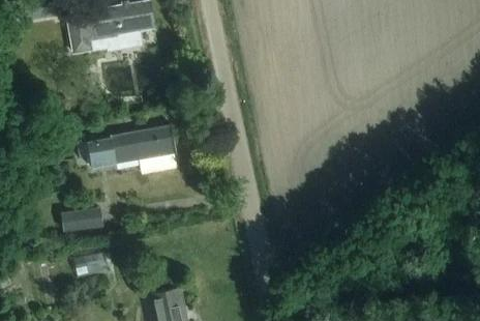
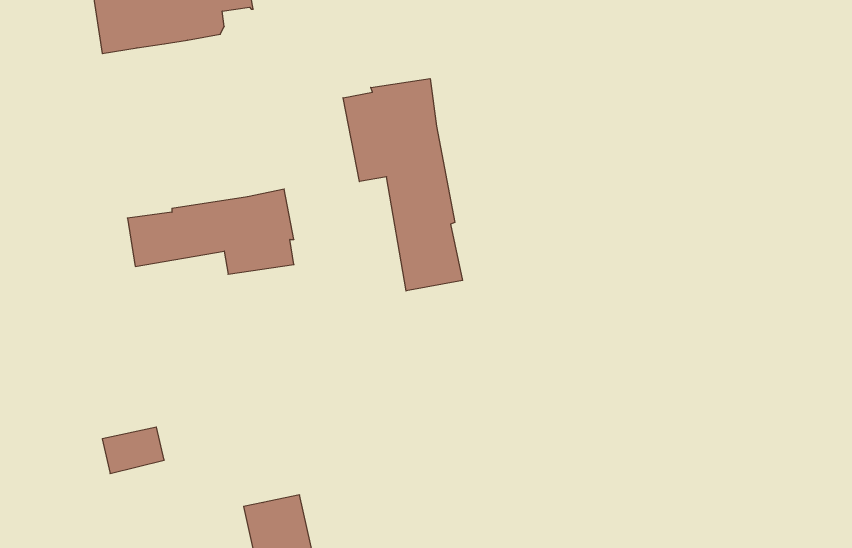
building: none -> [343,79,463,291]
building: [60,206,101,230] -> none

